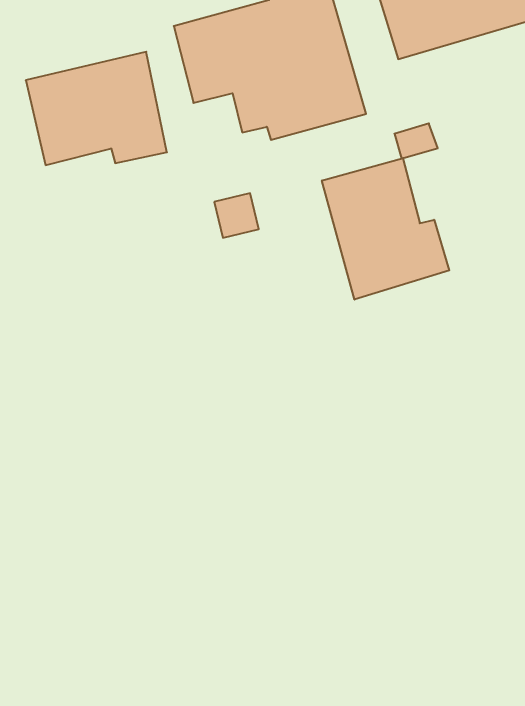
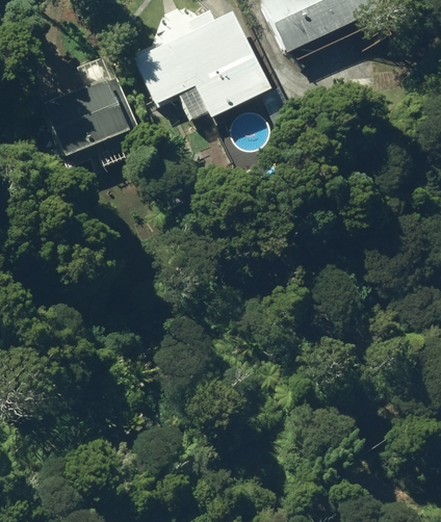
building: [322,158,449,300] -> none

